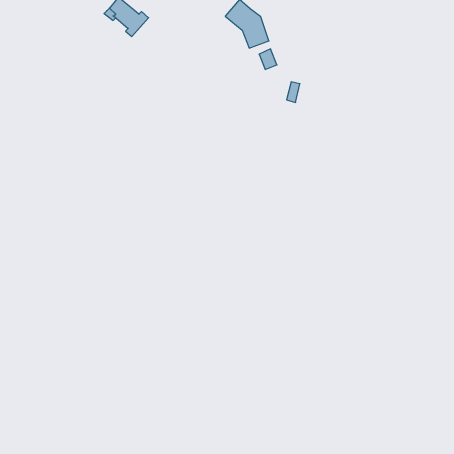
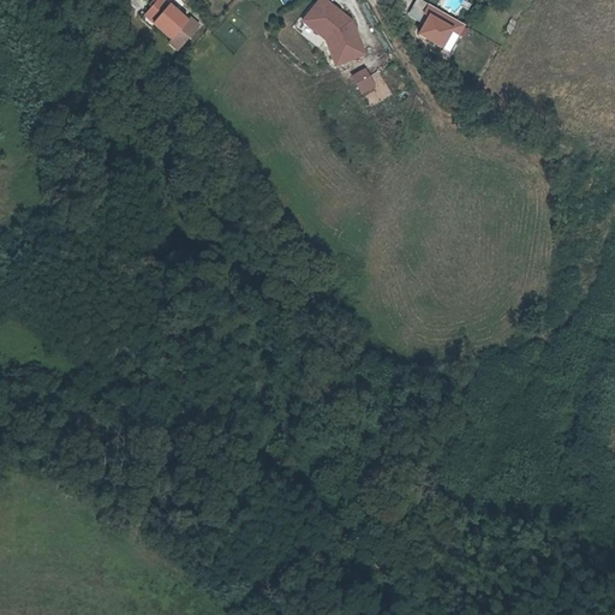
building: none -> [414,5,466,49]

